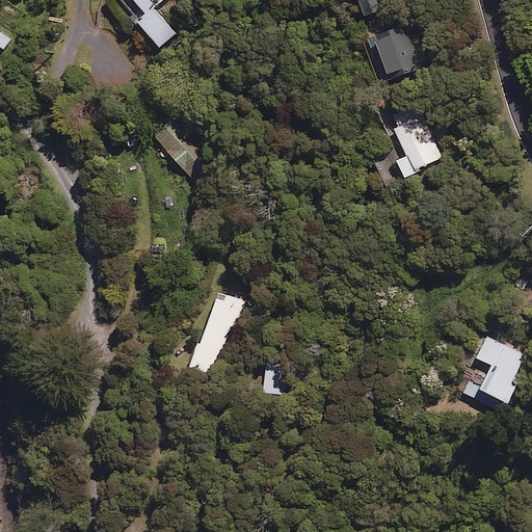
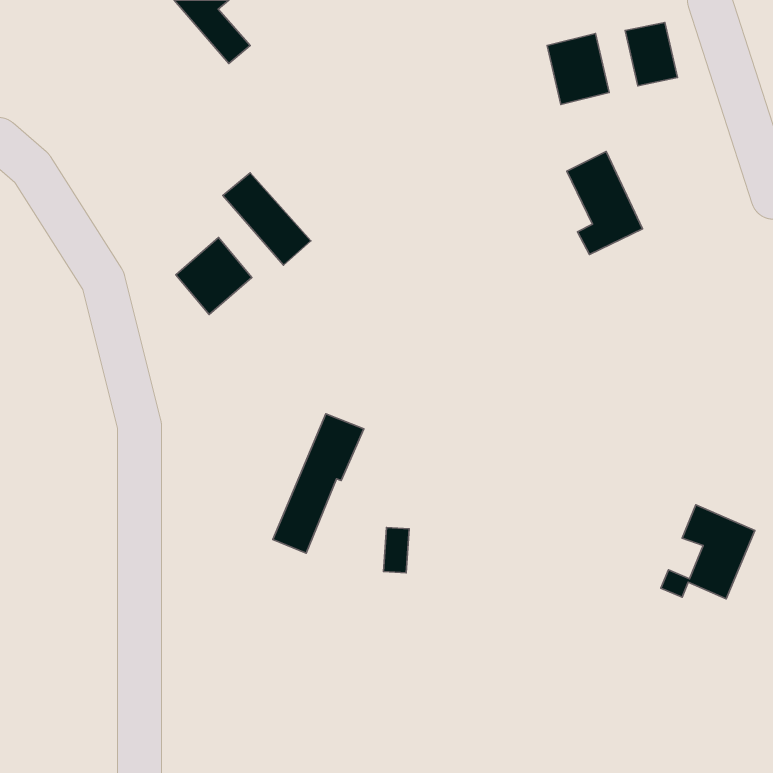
building: none -> [625,22,677,86]
building: none -> [176,238,252,315]

